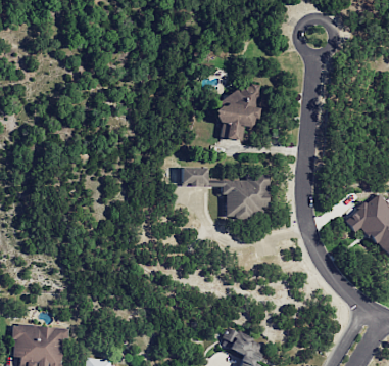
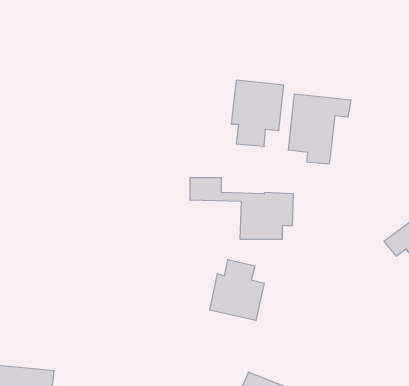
building: none -> [288,94,351,164]
building: none -> [210,259,264,321]

